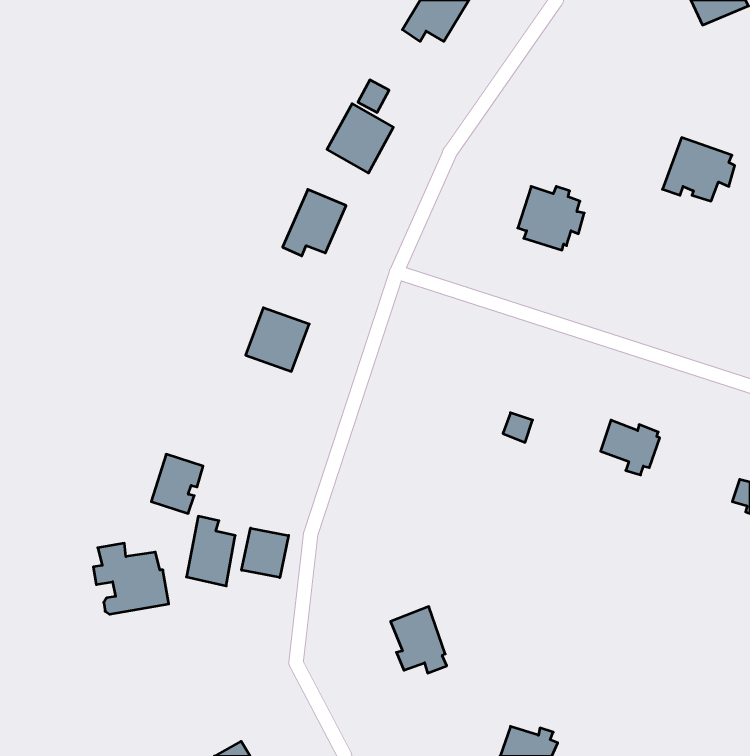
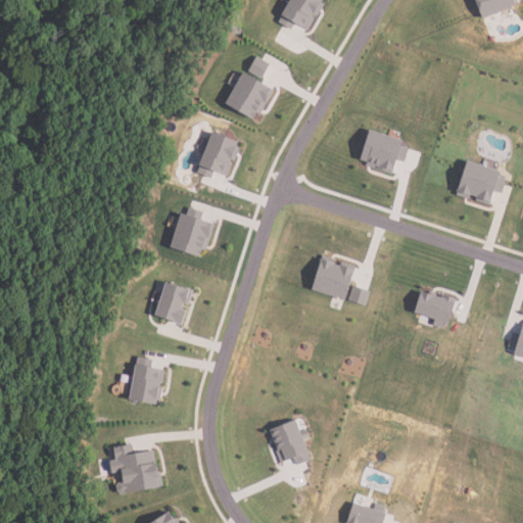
building: [662,138,735,201] -> [454,159,504,203]
building: none -> [312,257,354,299]
building: [151,454,203,513] -> [152,282,188,323]
building: [242,528,289,578] -> none
building: [93,543,169,614] -> [109,444,161,493]

